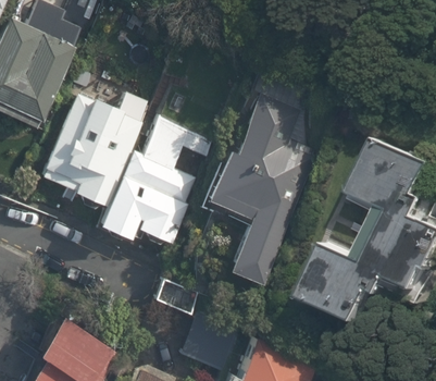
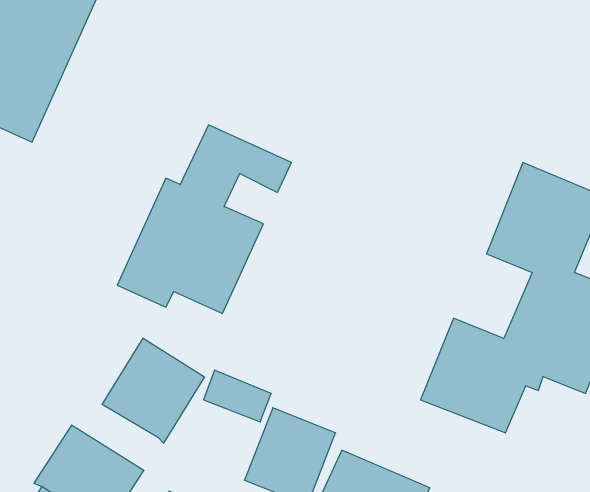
building: [39,90,141,202] -> none
building: [204,101,317,282] -> none
building: none -> [102,338,205,443]

